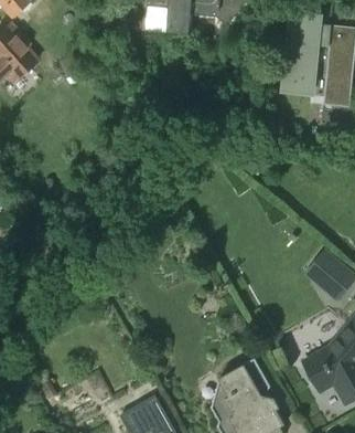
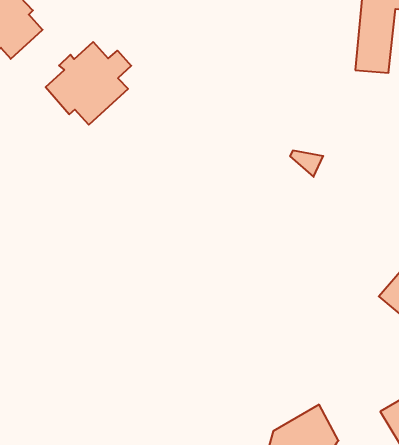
building: none -> [46,42,131,125]

